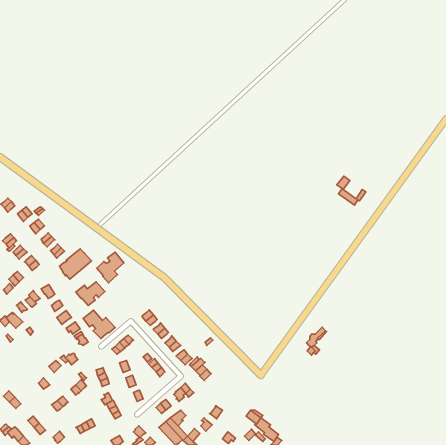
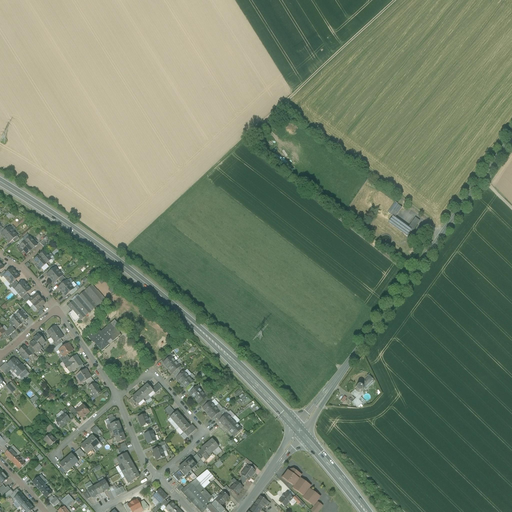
building: [97,252,124,283] -> none
building: [83,310,115,339] -> none

